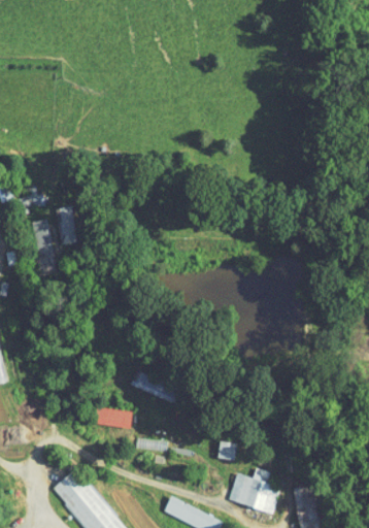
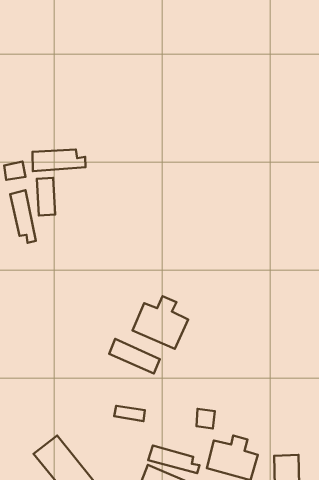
building: none -> [32,149,86,171]
building: none -> [132,296,188,349]
building: [97,407,133,430] -> none
building: none -> [148,446,200,473]

